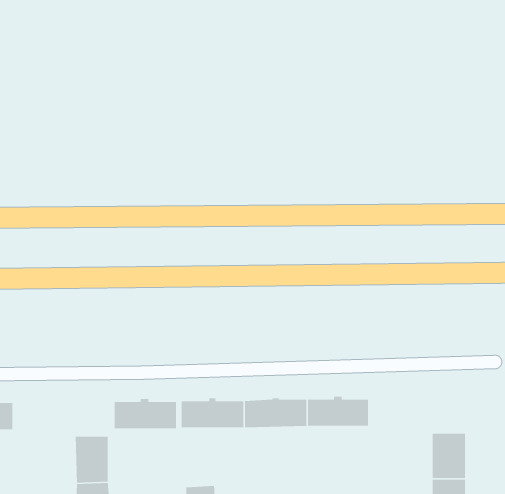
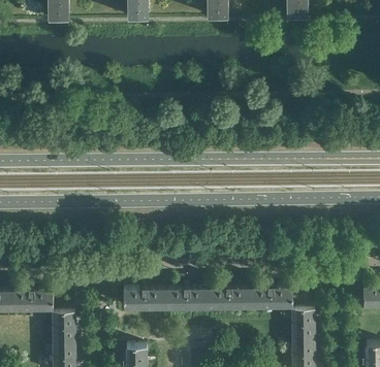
building: none -> [249,288,291,308]
building: [114,398,177,429] -> [10,290,53,310]

